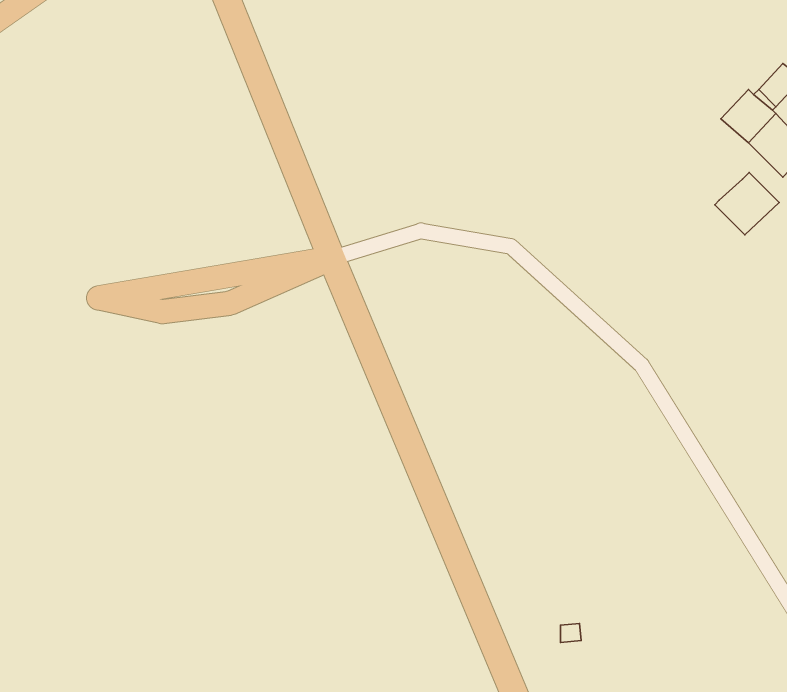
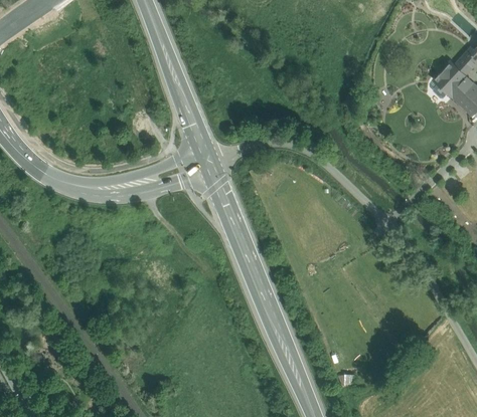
building: [715,172,779,235] -> none

